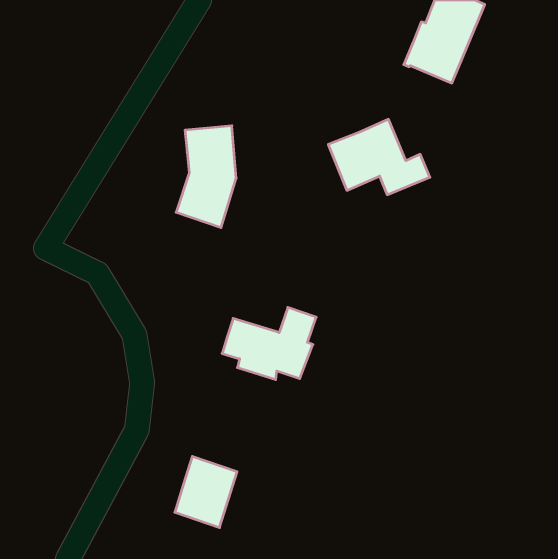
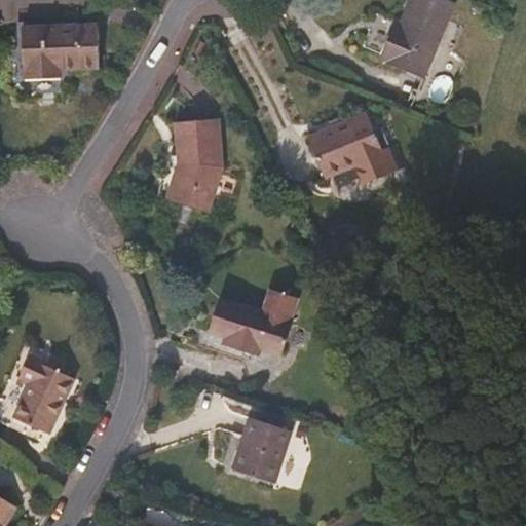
building: none -> [22,24,98,78]
building: none -> [13,354,74,434]
building: [175,456,237,528] -> [232,417,291,484]

